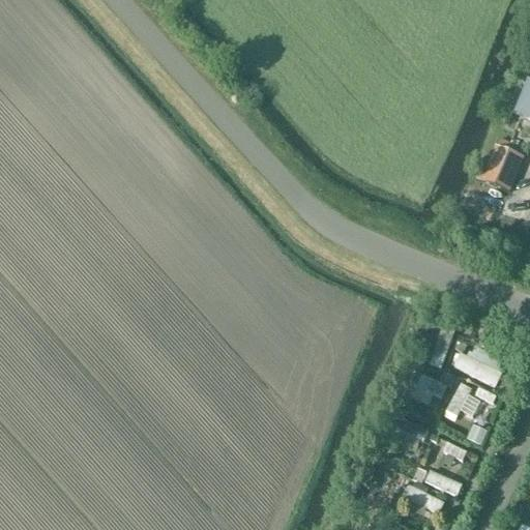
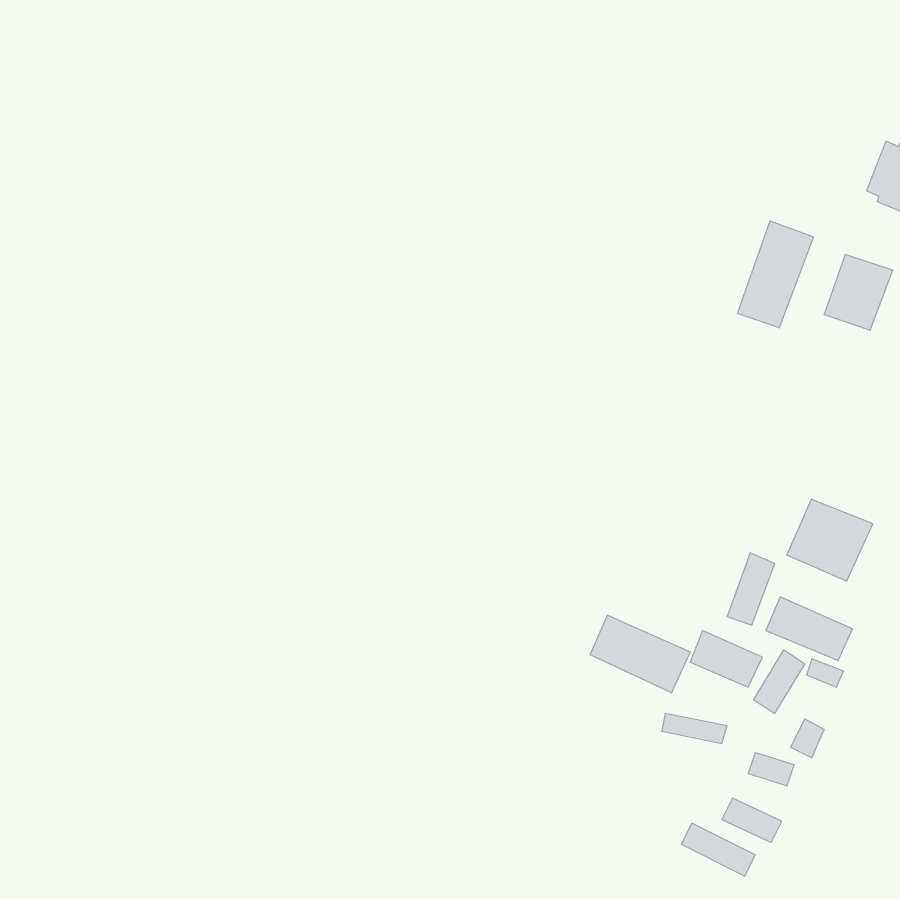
building: none -> [737,221,814,328]
building: none -> [787,499,873,581]
building: none -> [590,615,690,693]

